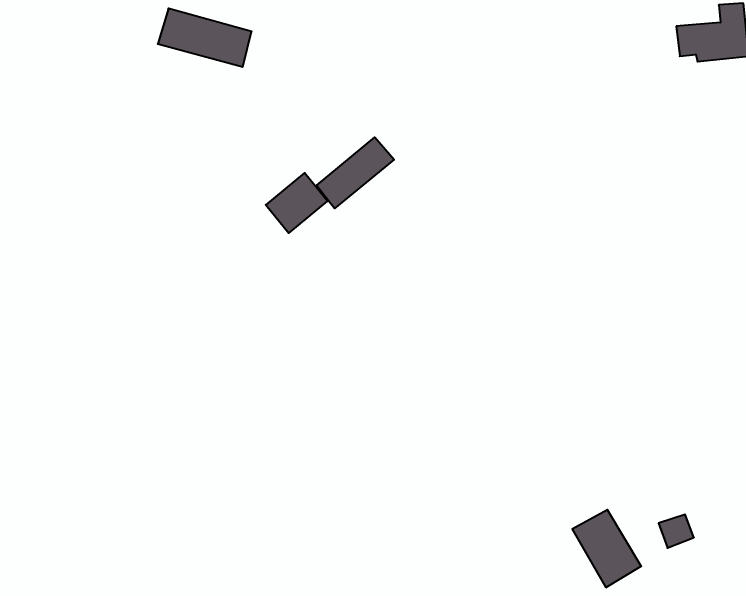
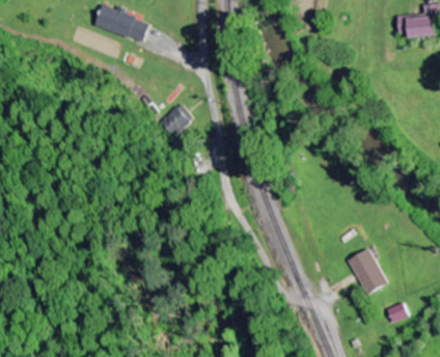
building: [316,137,394,208] -> none
building: [572,510,641,587] -> [347,249,387,295]

